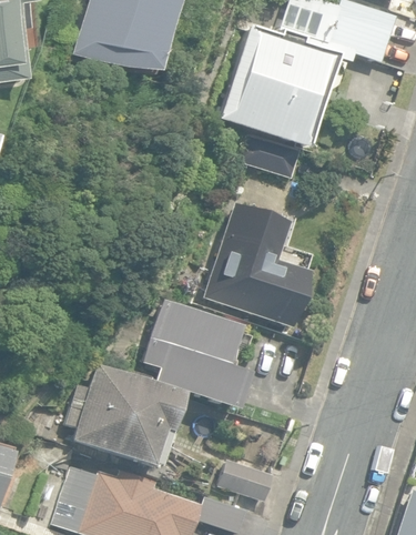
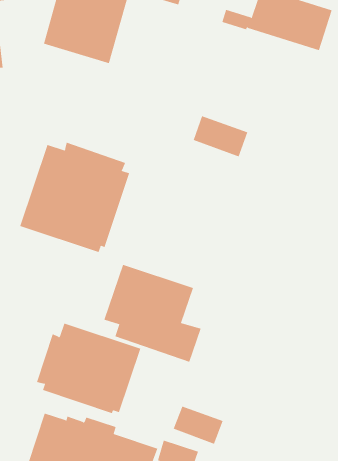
building: [217,23,342,149] -> none
building: none -> [19,142,130,253]
building: [205,203,314,327] -> none

